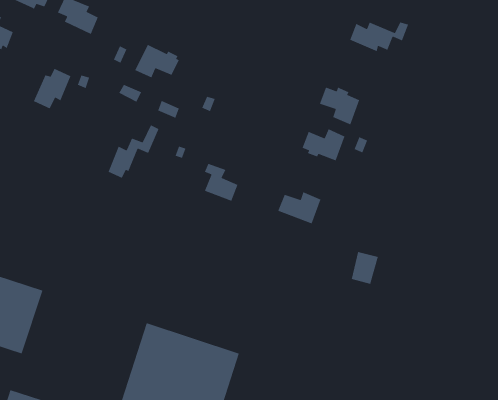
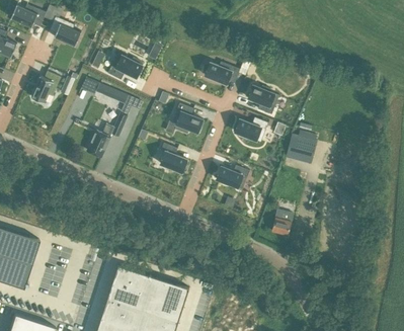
building: [349,21,409,52] -> [205,62,250,85]
building: none -> [171,103,203,135]
building: none -> [286,133,316,162]

